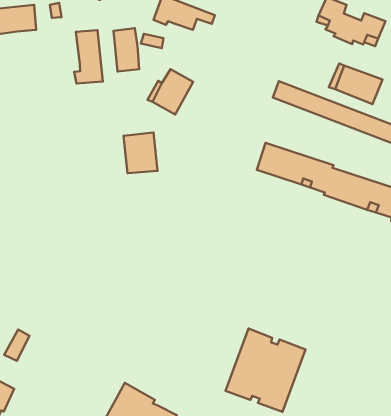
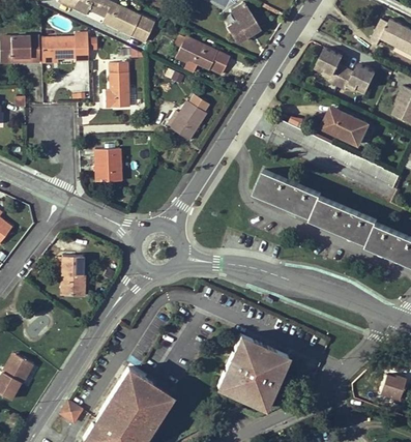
building: [114,28,139,72] -> none
building: [123,132,158,173] -> [94,149,121,182]
building: none -> [61,256,85,297]

